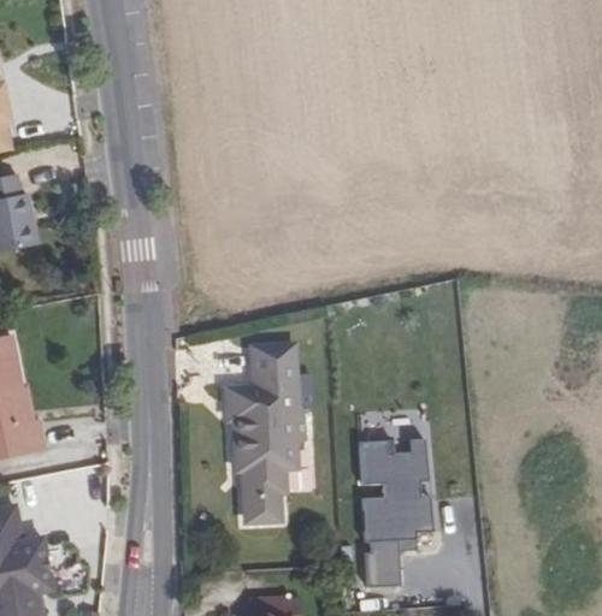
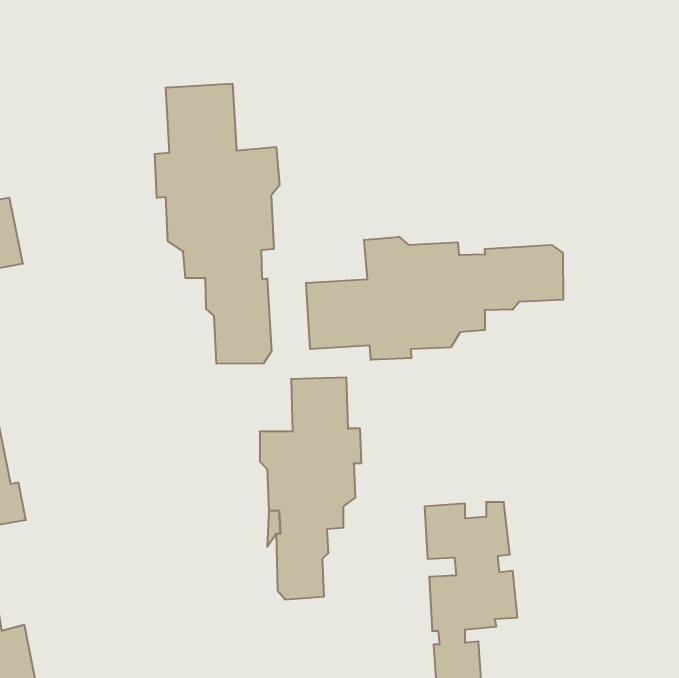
building: none -> [155,84,279,364]
building: none -> [306,237,563,360]

